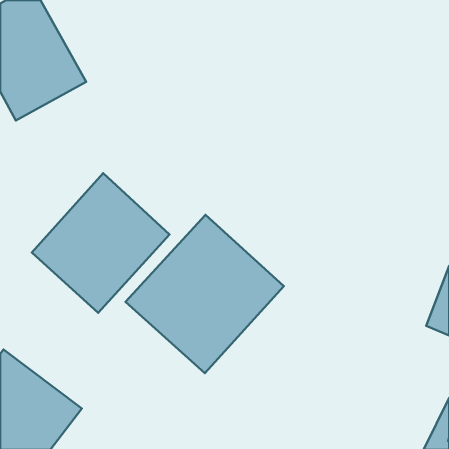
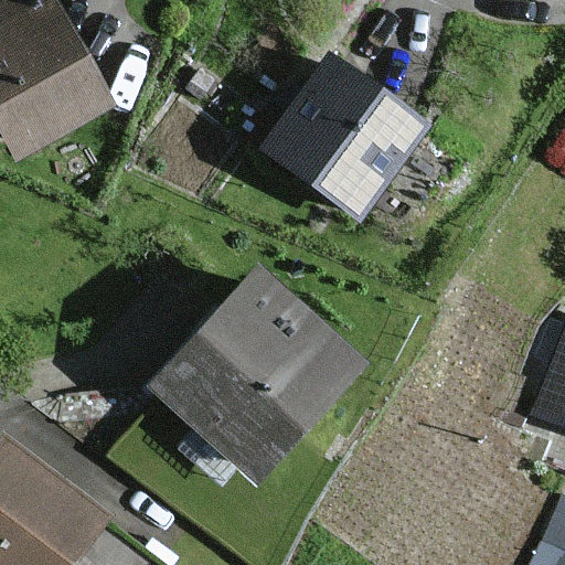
building: none -> [267,61,422,213]
building: [32,173,170,313] -> none

